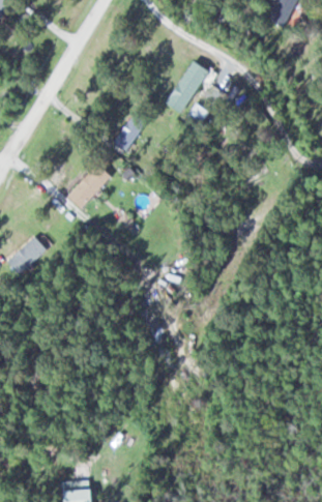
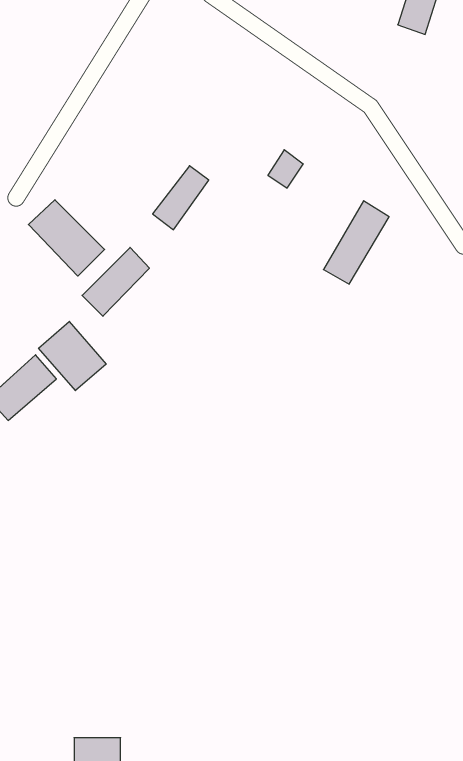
building: [166,58,208,112] -> [323,201,389,284]
building: none -> [28,200,105,276]
building: none -> [39,321,106,391]

